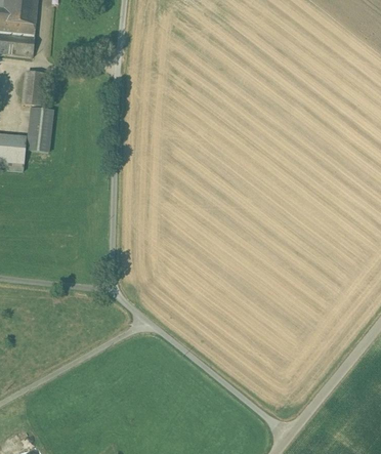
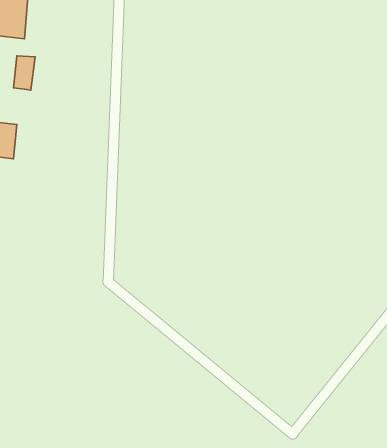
building: [28,108,52,151] -> none

